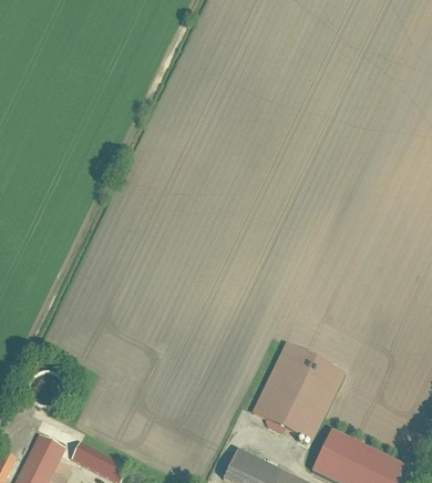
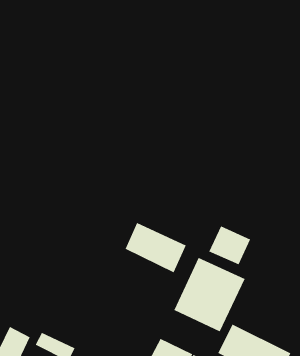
building: none -> [125,222,187,273]
building: none -> [209,226,251,265]

